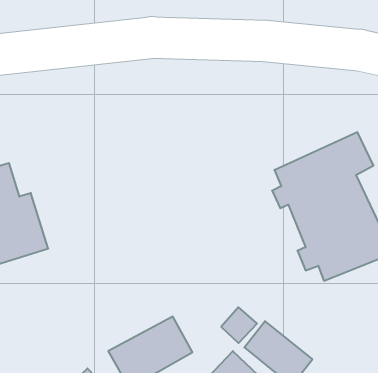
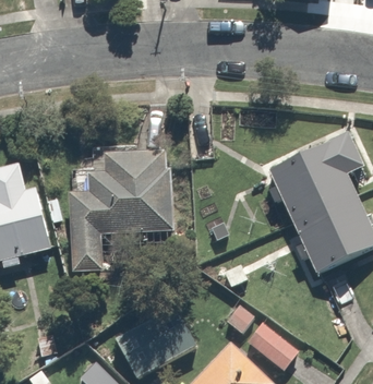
building: none -> [70,155,171,271]

